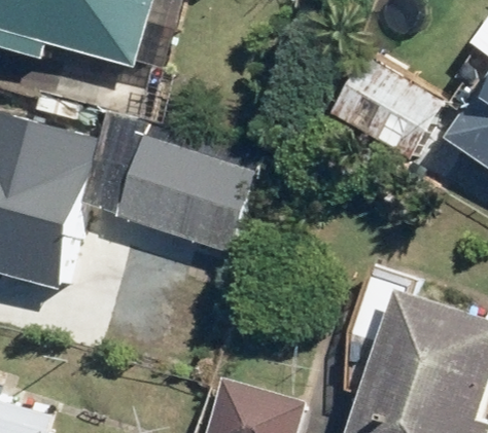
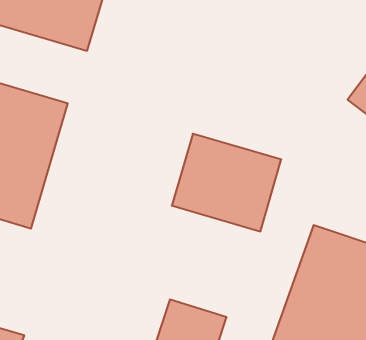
building: [335,56,448,163] -> none
building: [121,135,256,255] -> [172,134,281,231]

